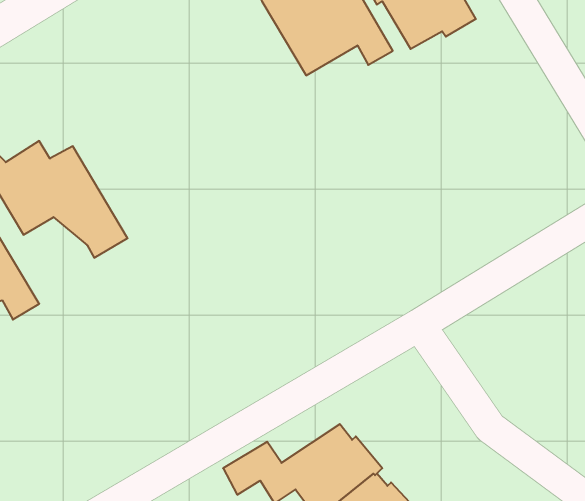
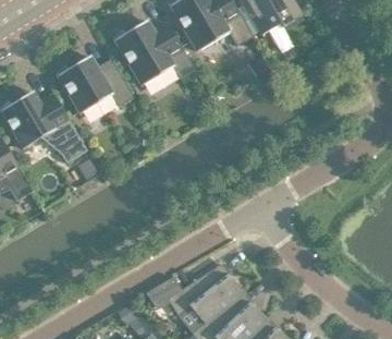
building: none -> [112,22,194,85]
building: none -> [56,56,137,113]

